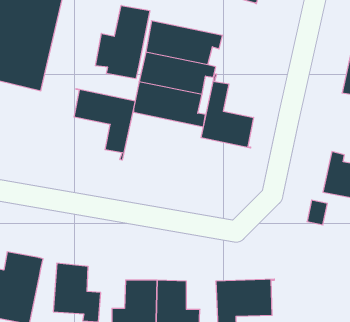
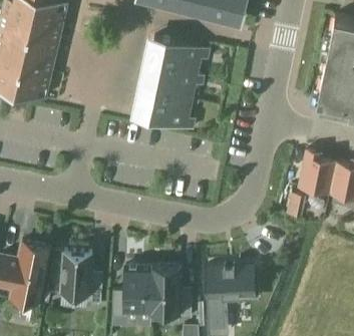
building: [95,5,150,79] -> none
building: [201,74,254,148] -> none
building: [74,89,135,160] -> none

